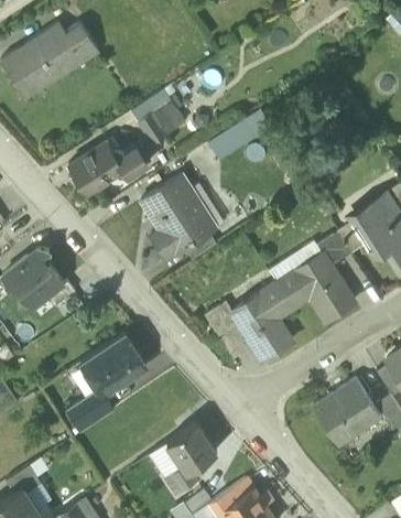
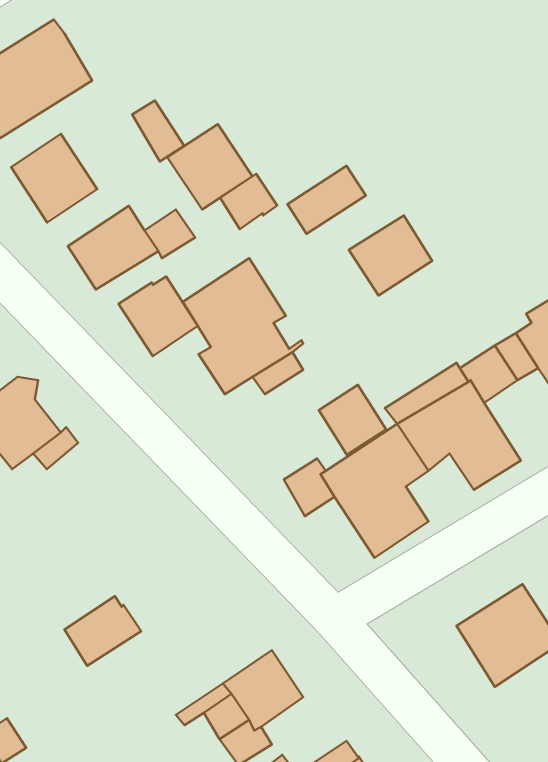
building: [66,23,99,62] -> [132,101,184,162]
building: none -> [11,134,97,222]
building: none -> [220,174,277,229]
building: none -> [349,216,432,295]
building: none -> [119,276,198,356]
building: none -> [319,385,386,455]
building: [80,333,145,395] -> none

